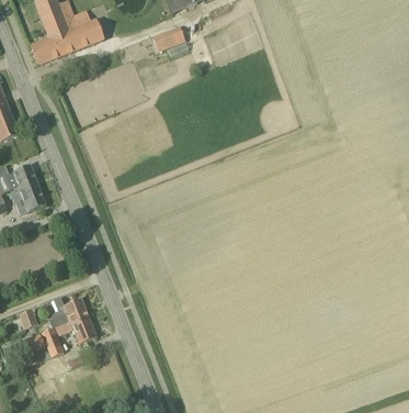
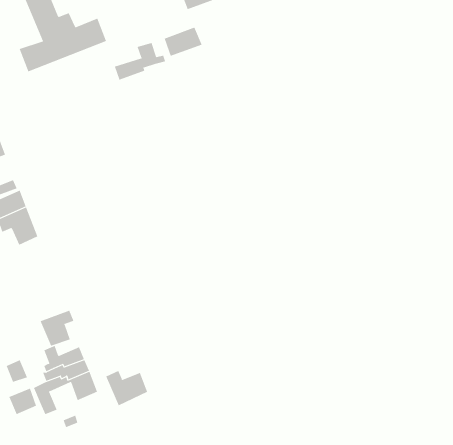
building: none -> [114,42,166,80]
building: none -> [40,310,74,347]
building: none -> [106,370,148,406]

